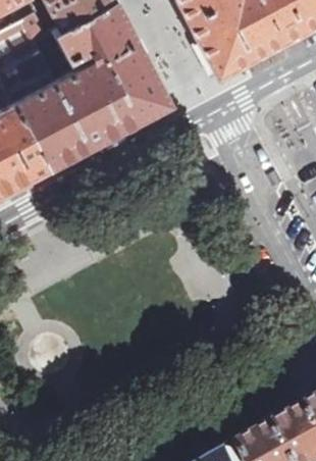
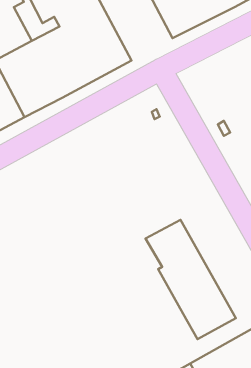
building: none -> [146,220,236,339]

